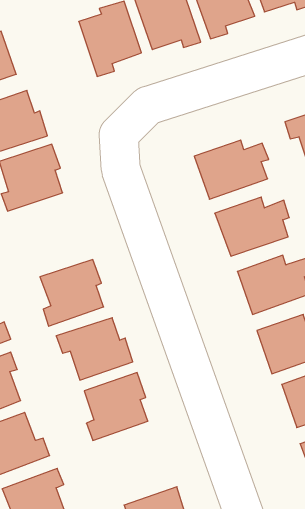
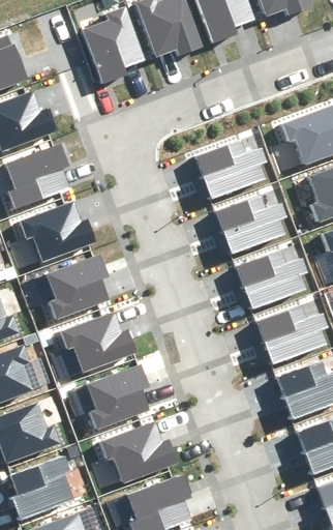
building: none -> [21,204,94,264]
building: none -> [99,425,173,485]

